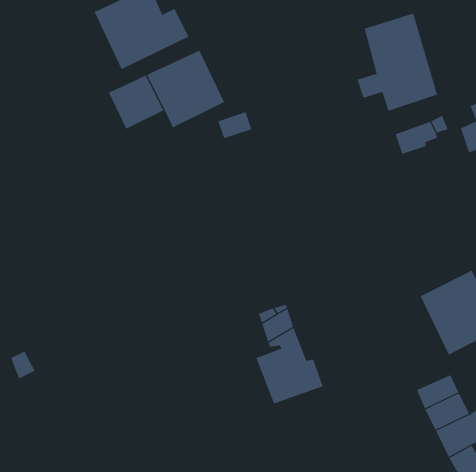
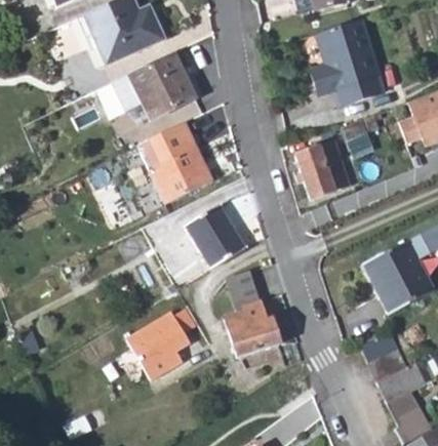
building: none -> [137,122,213,204]
building: none -> [296,144,347,199]
building: none -> [187,203,248,269]
building: none -> [126,311,190,379]

